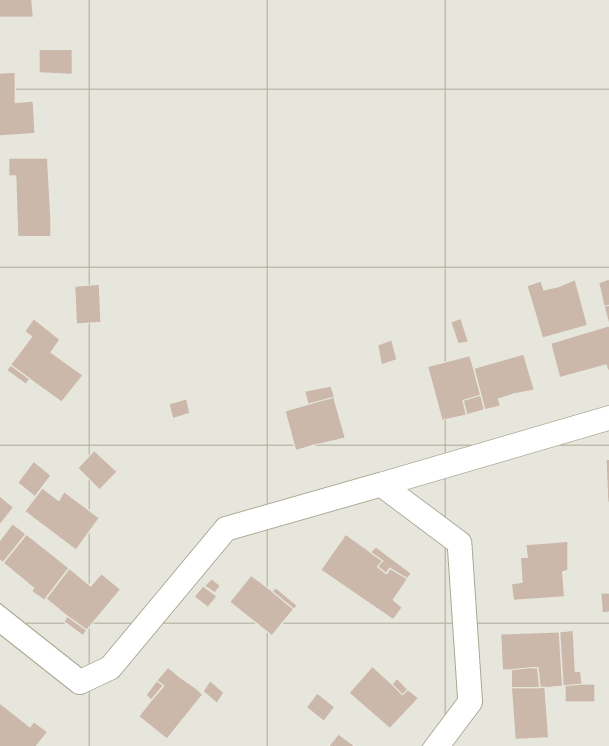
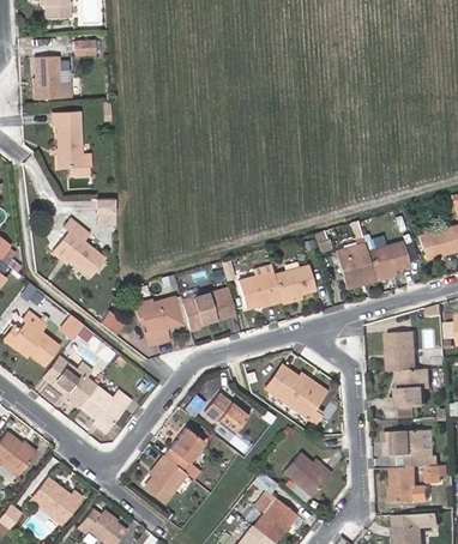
building: [527,279,588,338] -> none
building: none -> [273,264,317,303]
building: none -> [181,291,223,330]
building: none -> [137,297,181,345]
building: none -> [387,332,417,371]
building: none -> [162,425,203,469]

